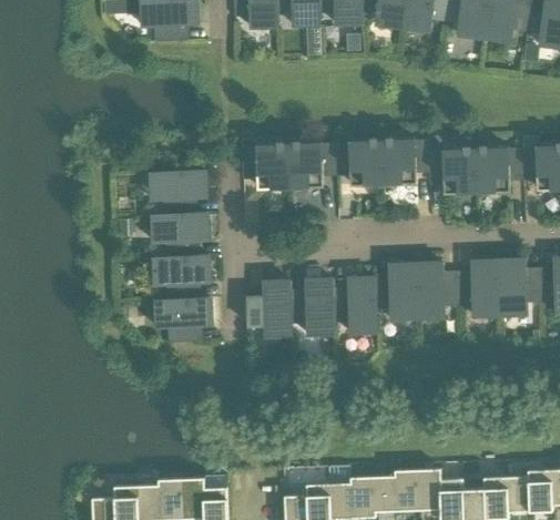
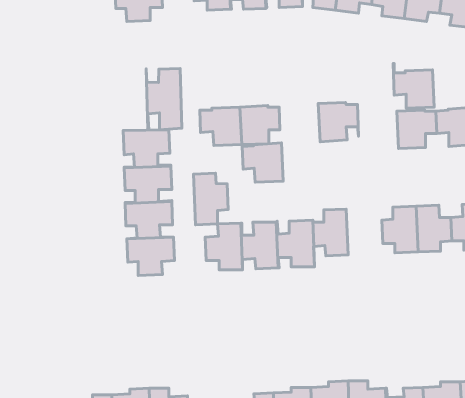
building: none -> [146,69,182,130]
building: [336,139,385,185] -> [242,143,283,182]
building: [429,140,478,193] -> [393,63,434,108]
building: none -> [194,173,228,225]
building: [416,263,459,318] -> none

